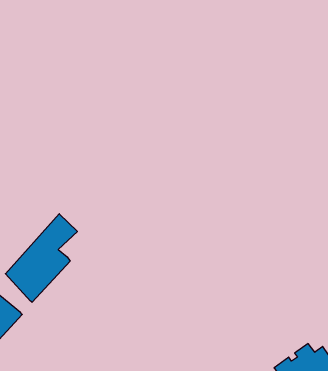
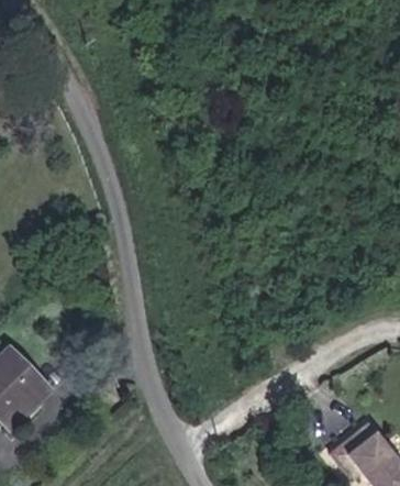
building: [5,214,77,302] -> none

